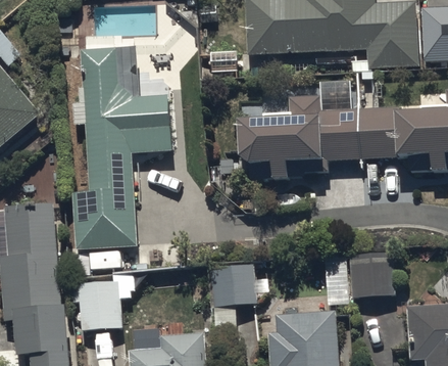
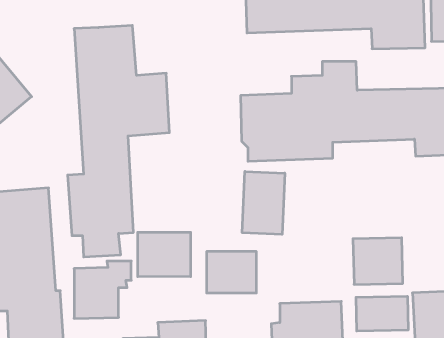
building: none -> [242,171,285,234]
building: none -> [138,232,191,277]
building: none -> [356,296,408,331]

